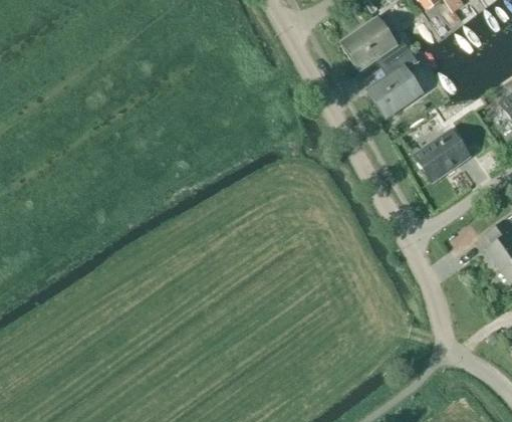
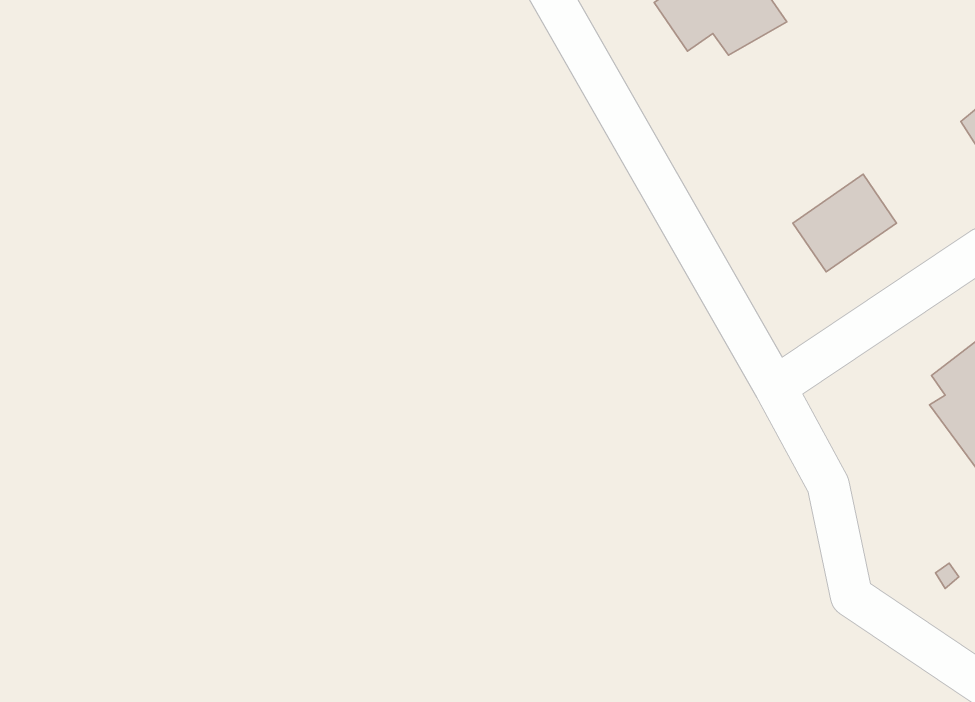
building: [369,52,420,116] -> none

